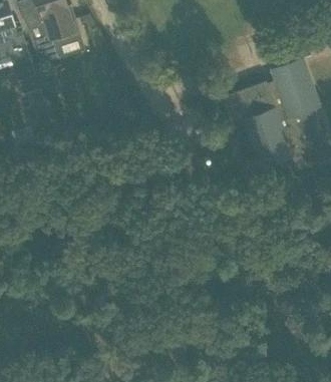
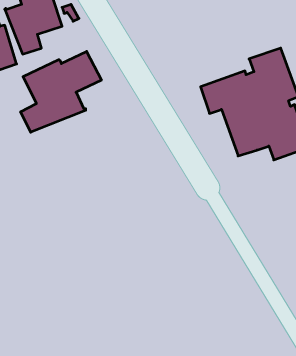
building: none -> [21,51,101,132]

